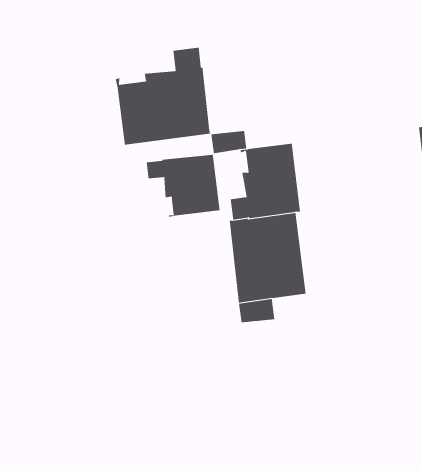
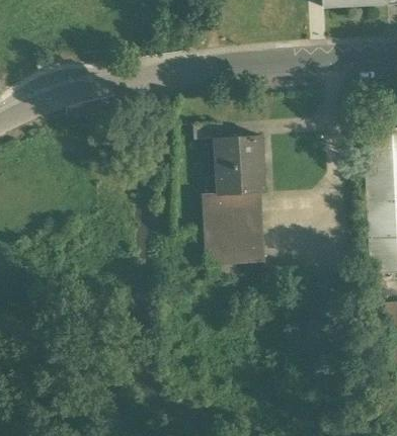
building: [115,47,211,145] -> none
building: [146,154,220,218] -> none

